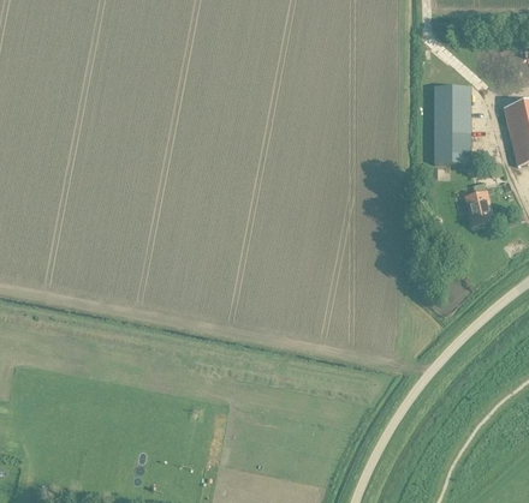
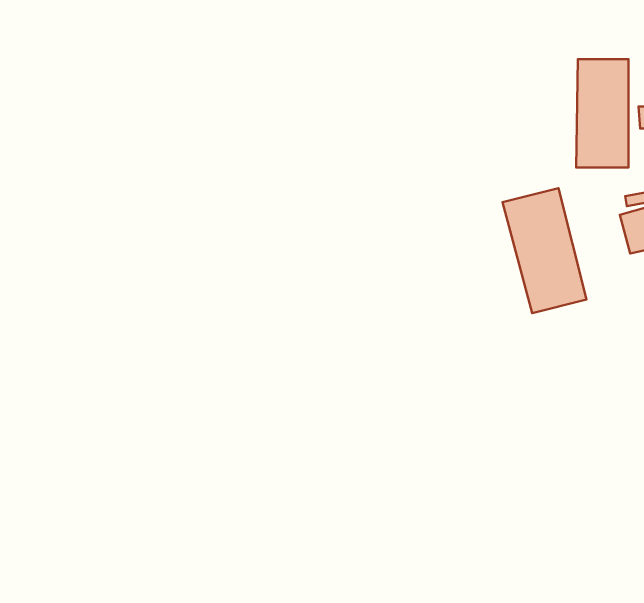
building: none -> [502,188,586,313]

